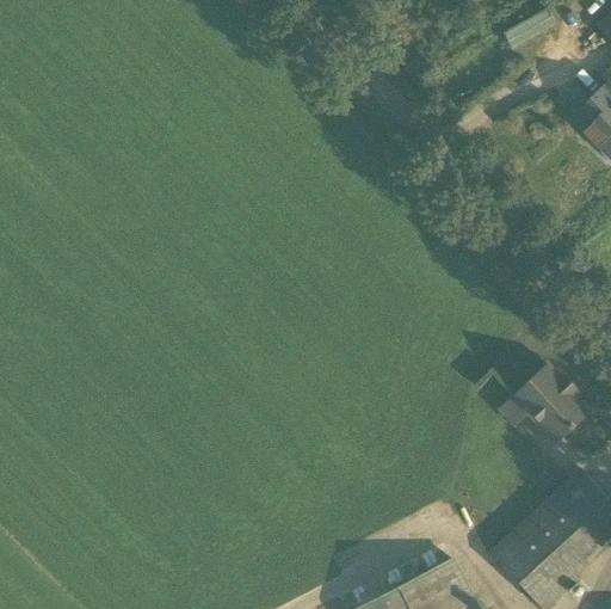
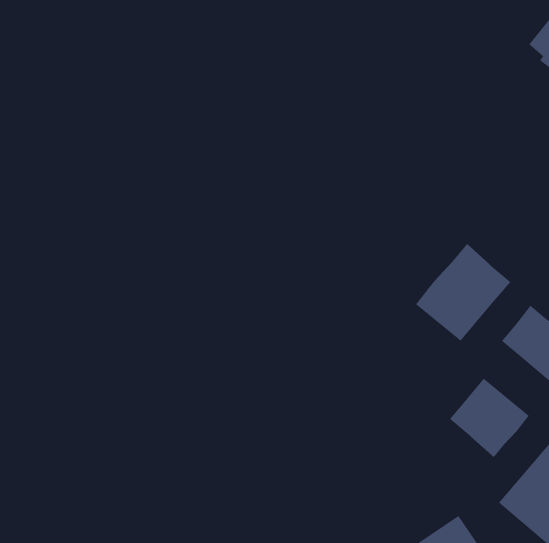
building: none -> [415,243,511,342]
building: none -> [449,378,530,458]

